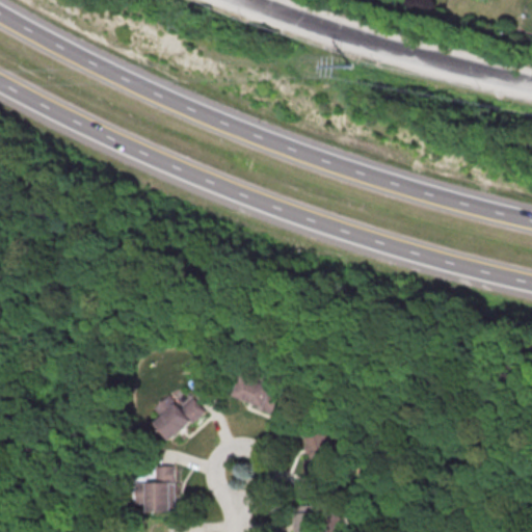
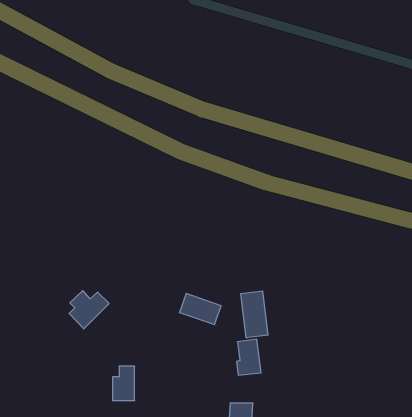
building: none -> [241,291,268,338]
building: [150,394,201,443] -> [69,291,109,329]

